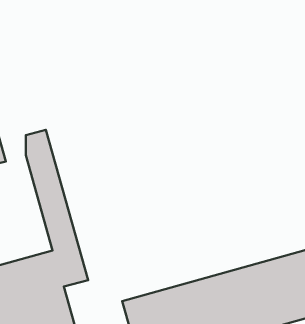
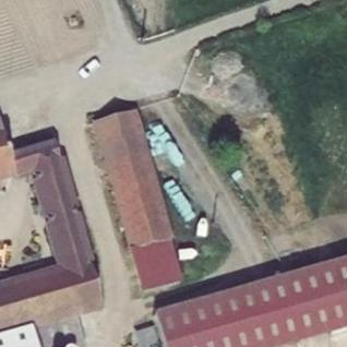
building: none -> [97,107,182,287]

